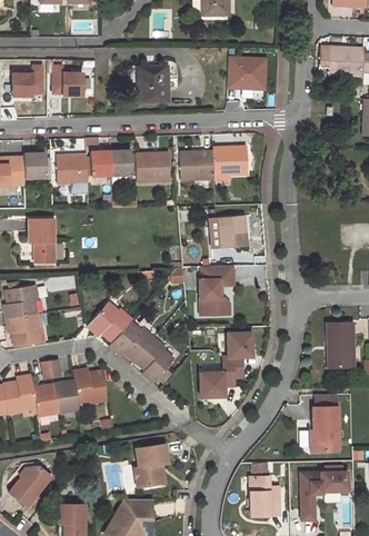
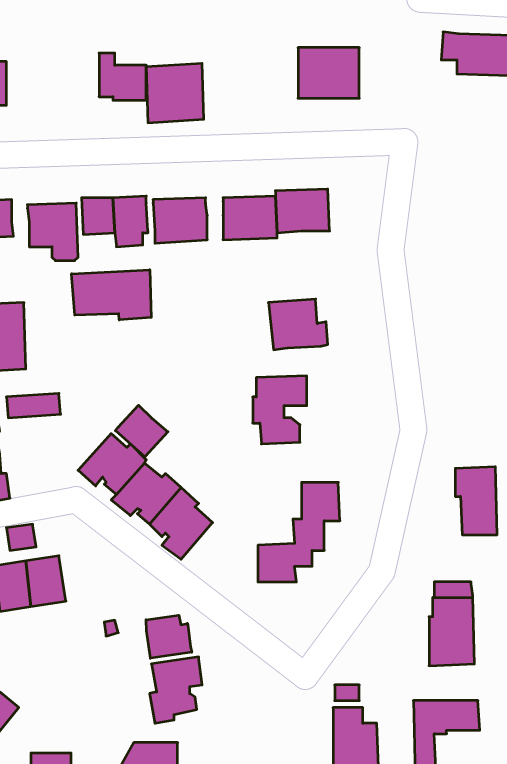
building: [53,64,83,95] -> [99,53,146,100]
building: none -> [72,270,151,320]
building: none -> [115,405,168,457]
building: [74,368,109,403] -> none
building: none -> [146,615,192,658]

